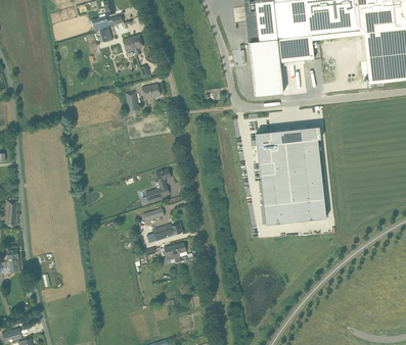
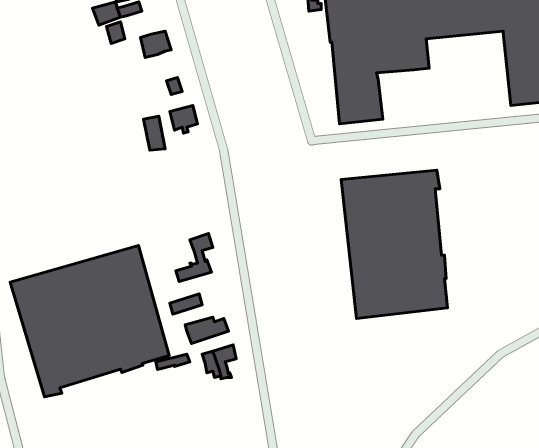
building: none -> [10,245,169,397]

